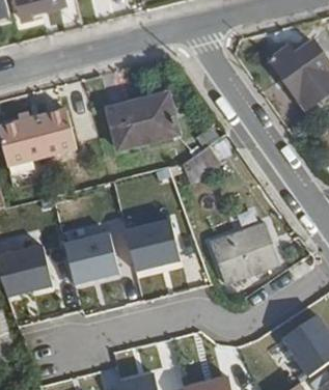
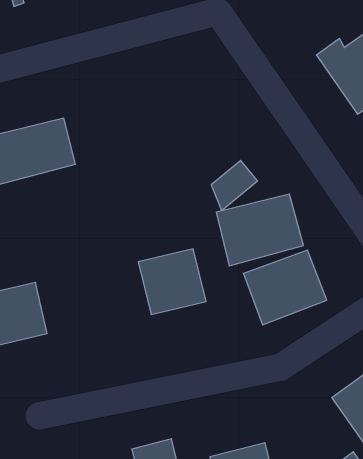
building: [107,92,177,150] -> [216,194,303,266]
building: [64,231,119,285] -> none

